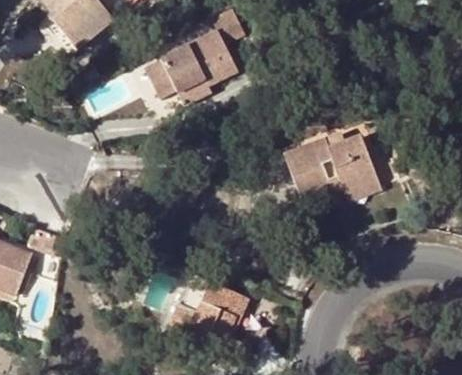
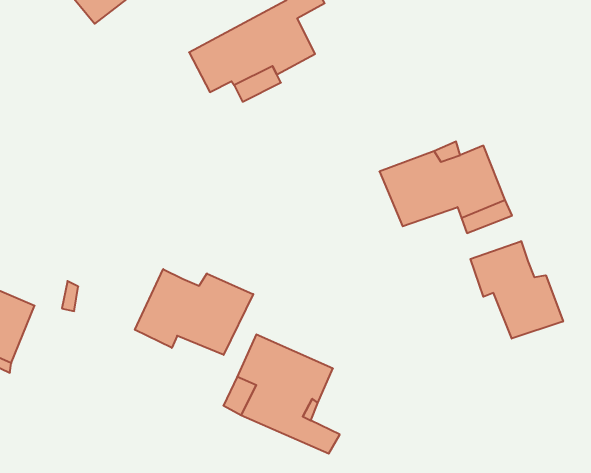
building: none -> [470,241,563,339]
building: none -> [135,269,253,355]

